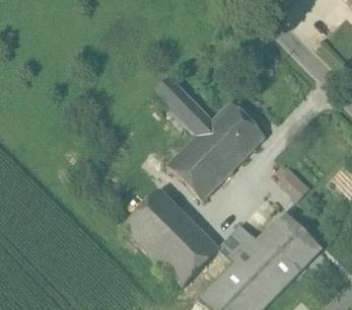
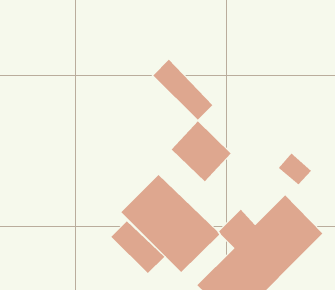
building: [198,103,265,169] -> none
building: none -> [111,221,165,274]

